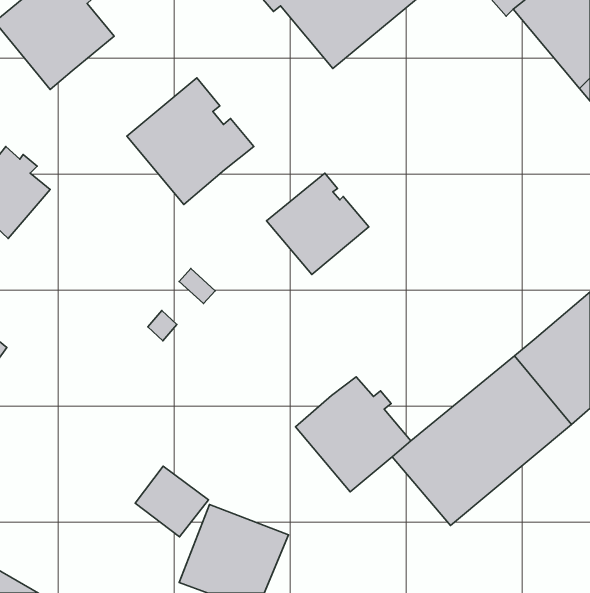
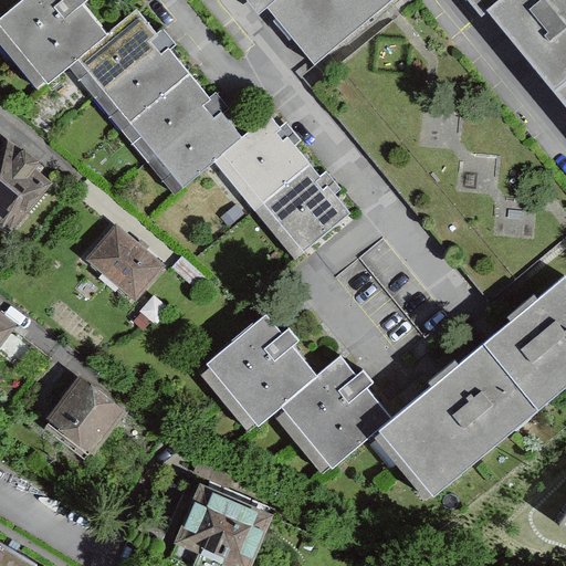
building: none -> [69,11,187,129]
building: none -> [213,116,308,210]
building: none -> [87,227,160,297]
building: none -> [206,314,315,424]
building: [135,466,209,537] -> [50,386,119,453]

